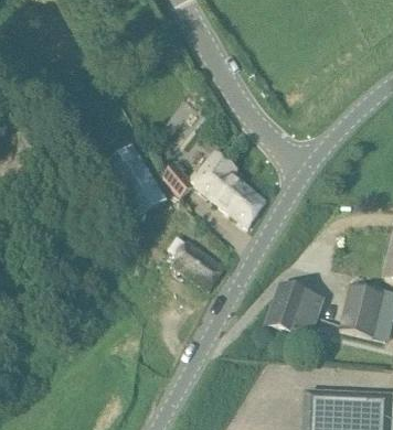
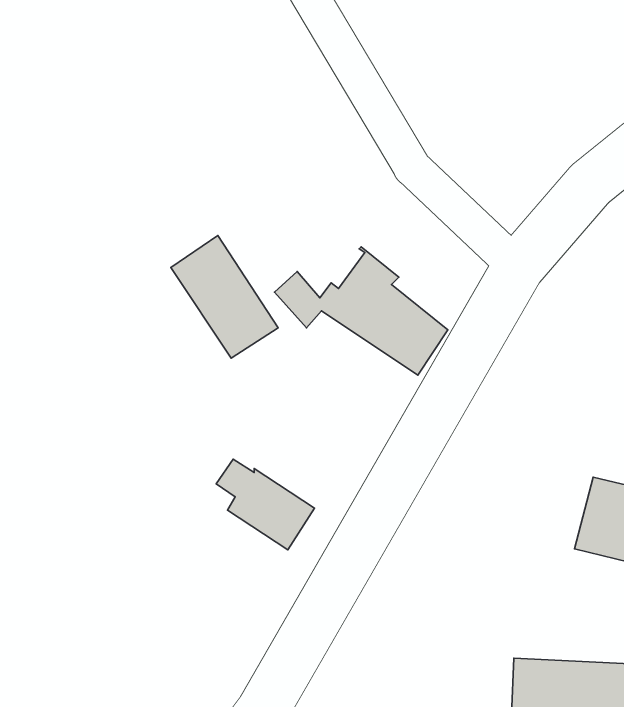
building: [168,234,225,287] -> [216,459,314,550]
building: [268,283,325,336] -> none

